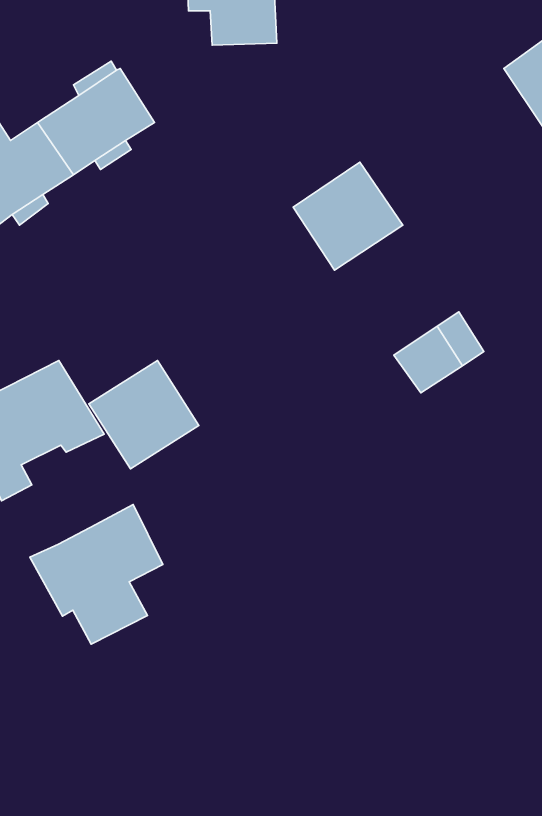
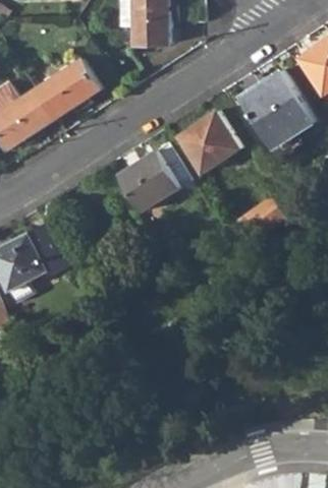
building: none -> [238,69,314,148]
building: [89,361,199,469] -> [118,149,180,210]
building: [30,505,163,644] -> none

